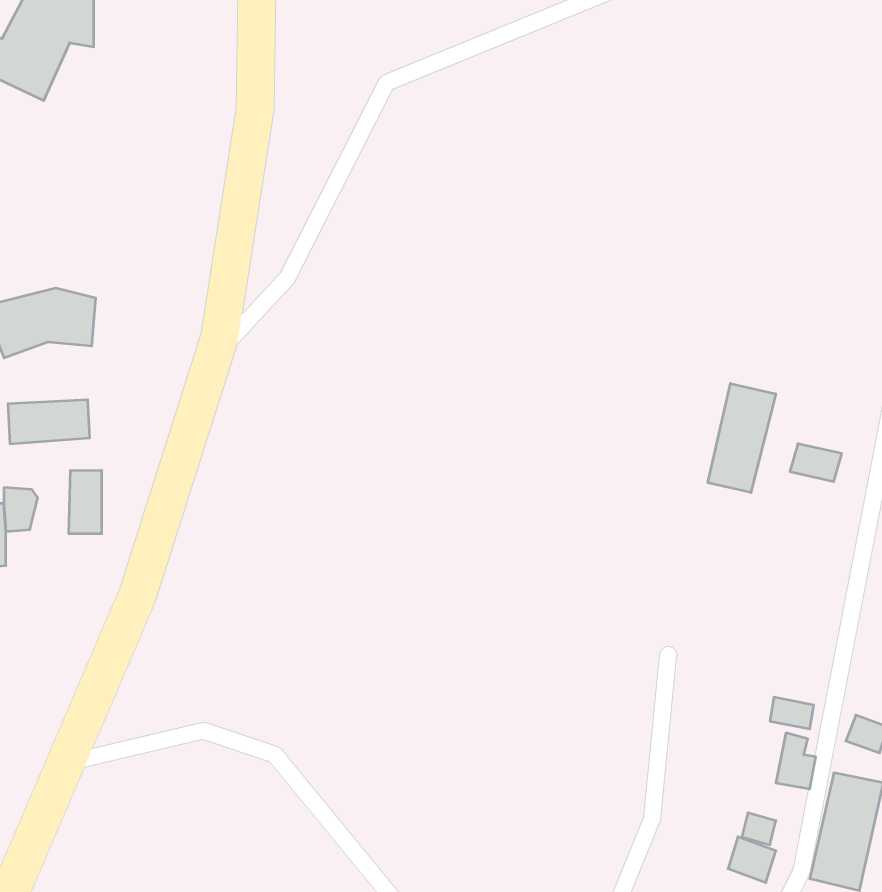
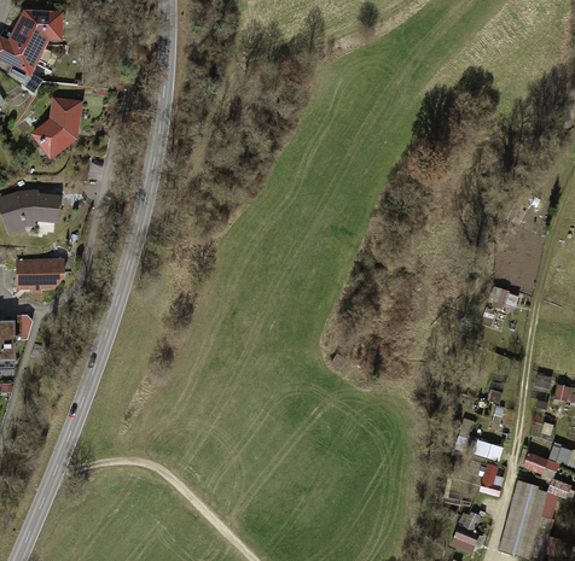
building: none -> [33,99,85,160]
building: [708,383,776,493] -> none
building: [69,470,102,534] -> none

